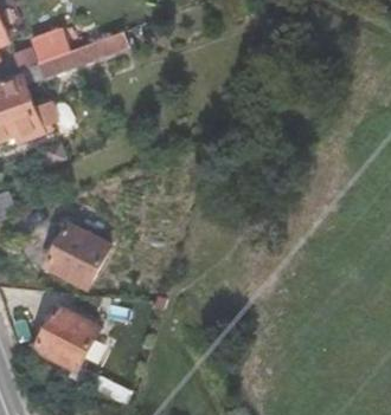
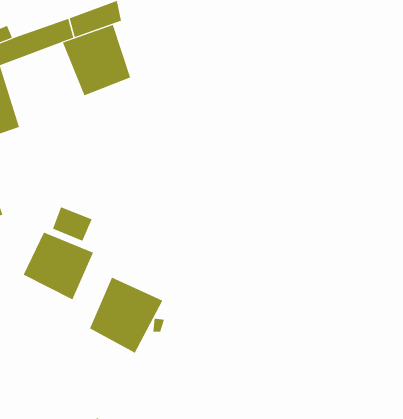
building: none -> [62,24,131,96]
building: [33,307,96,372] -> [89,277,163,354]

